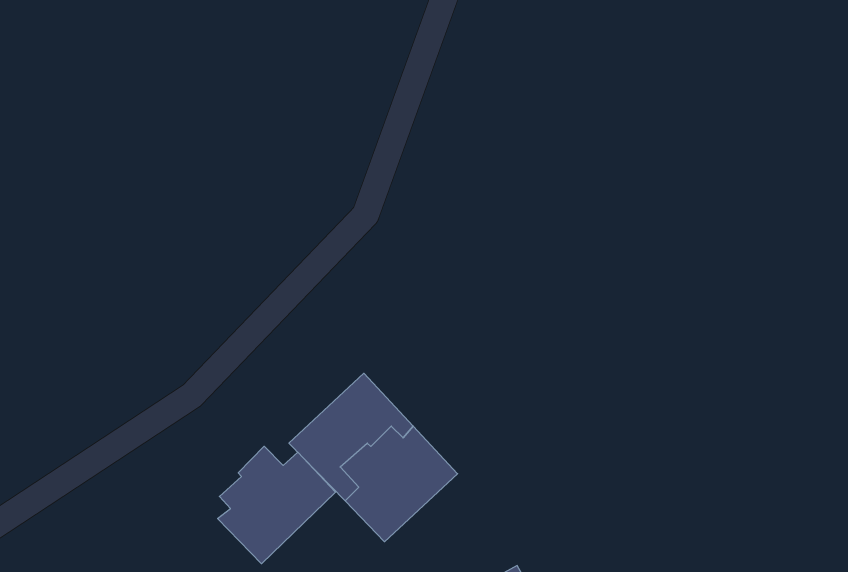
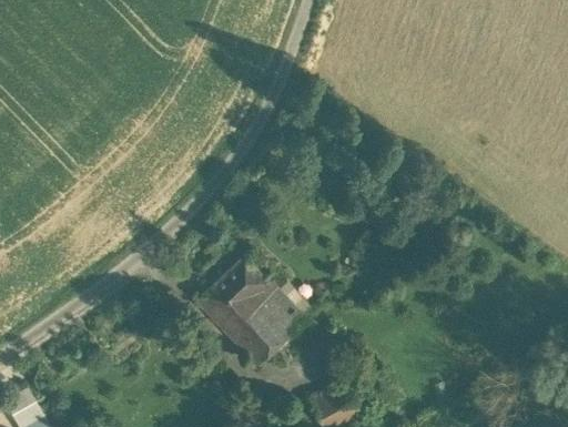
building: [218,446,335,564] -> none

